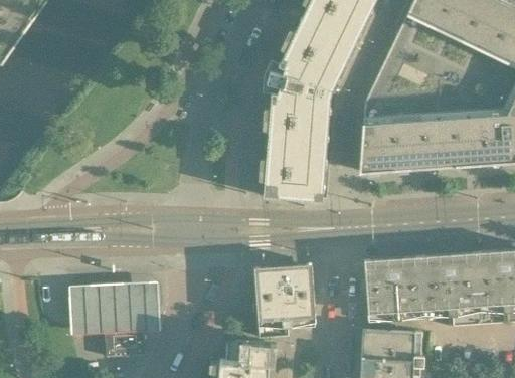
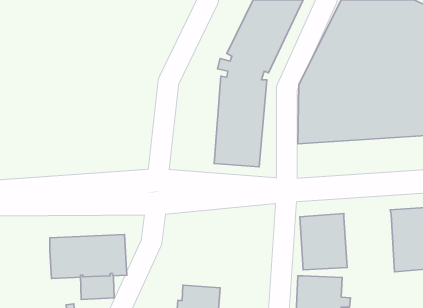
building: [417,252,478,328] -> none
building: [254,264,316,339] -> none

